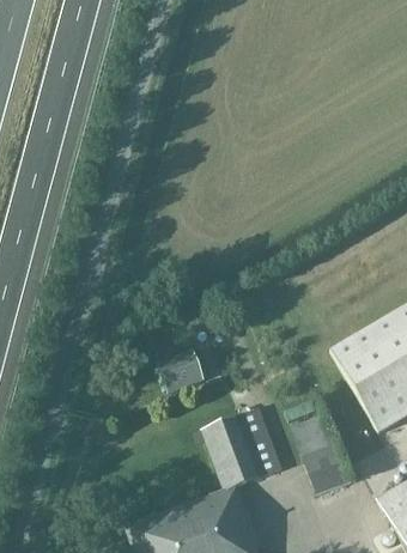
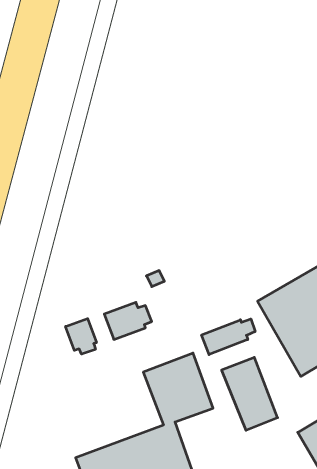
building: none -> [66,319,96,354]
building: none -> [202,319,255,355]

